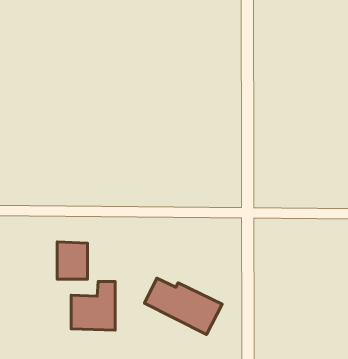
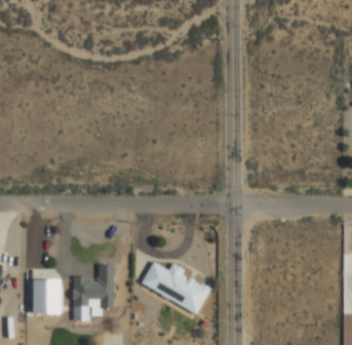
building: [57,242,87,279] -> [32,279,60,313]

